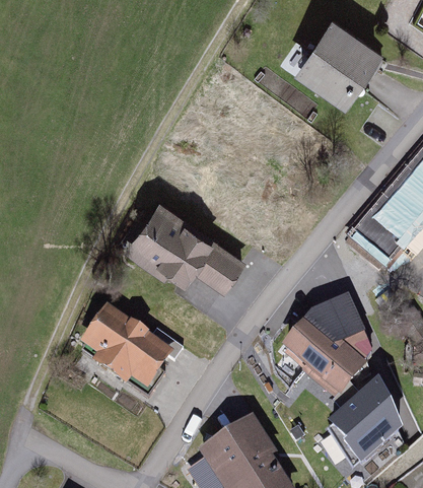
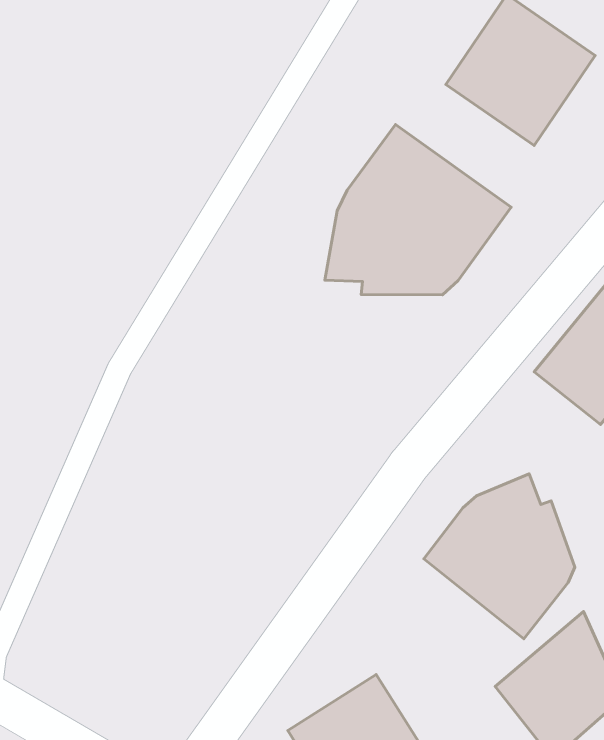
building: none -> [325,125,511,295]
building: [124,197,249,291] -> none
building: [81,305,175,392] -> none

